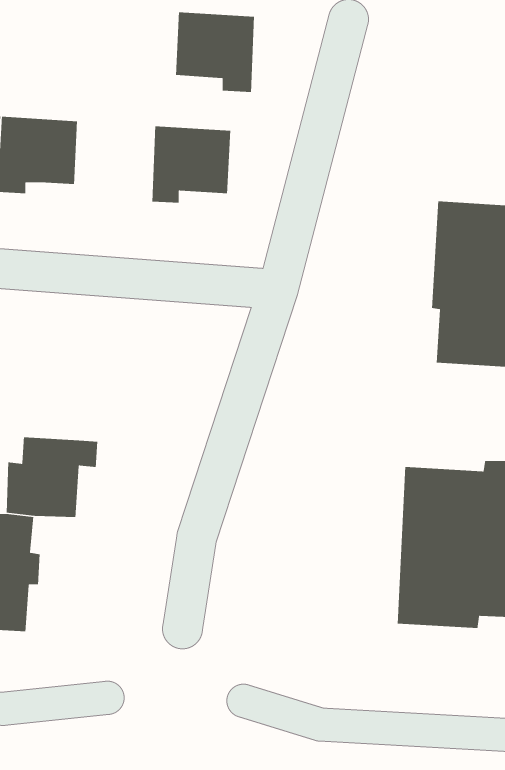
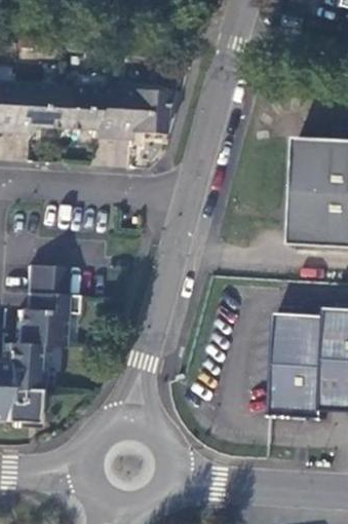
building: [175,12,255,93] -> [64,84,116,138]
building: none -> [30,264,69,294]

